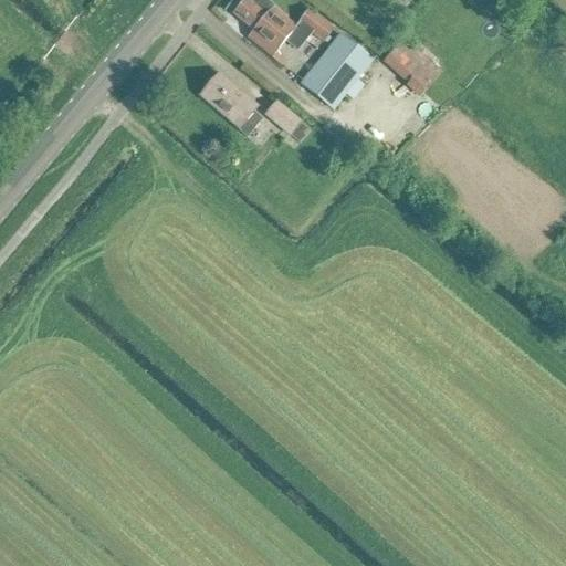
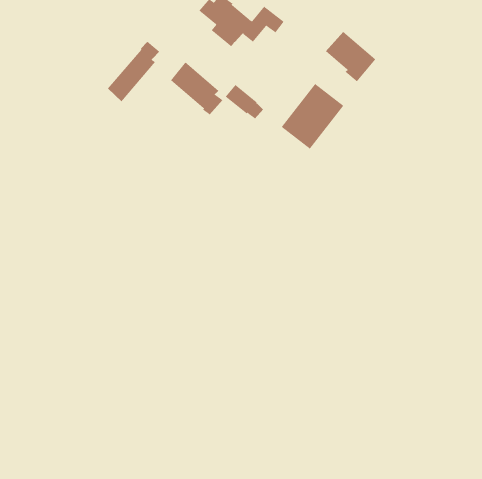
building: [300,31,374,108] -> [281,83,344,149]
building: none -> [107,41,160,102]

